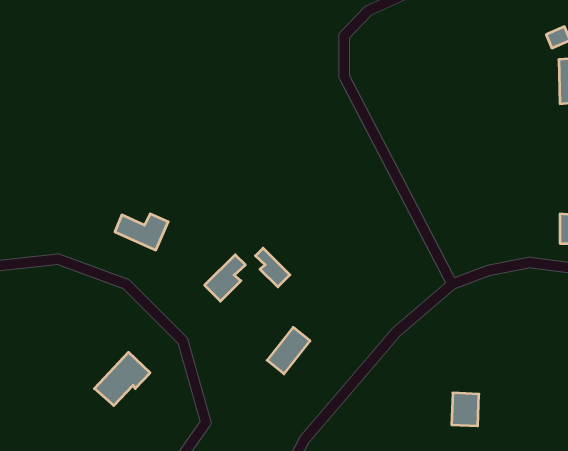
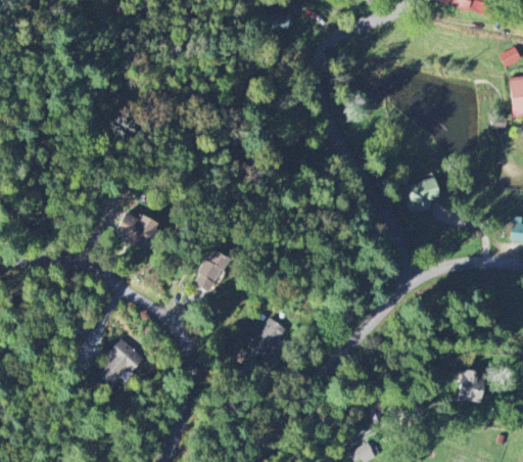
building: none -> [403,177,441,213]
building: [255,248,290,287] -> none
building: [452,393,479,426] -> [460,369,484,399]

